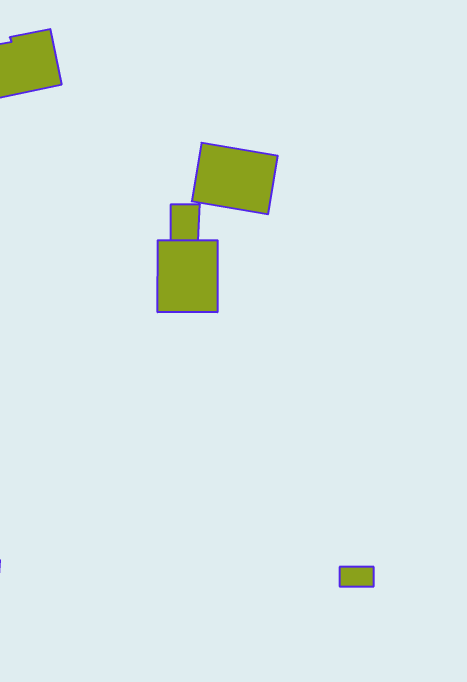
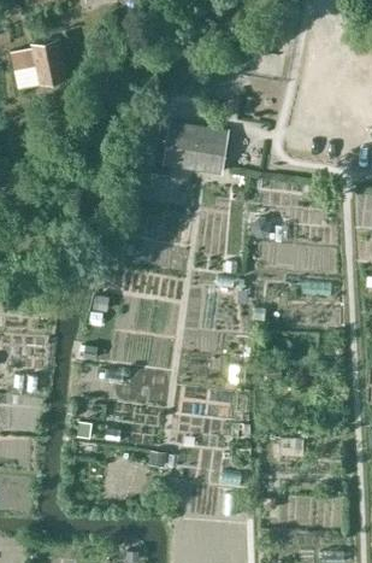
building: [158,240,218,312] -> none

